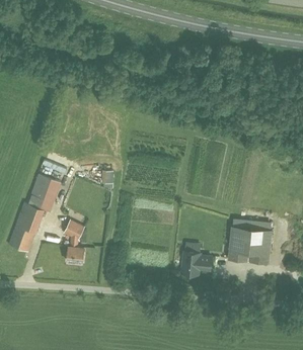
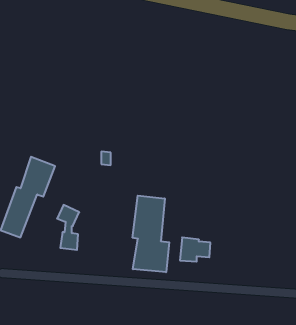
building: none -> [133,196,169,272]
building: [227,225,272,263] -> none

